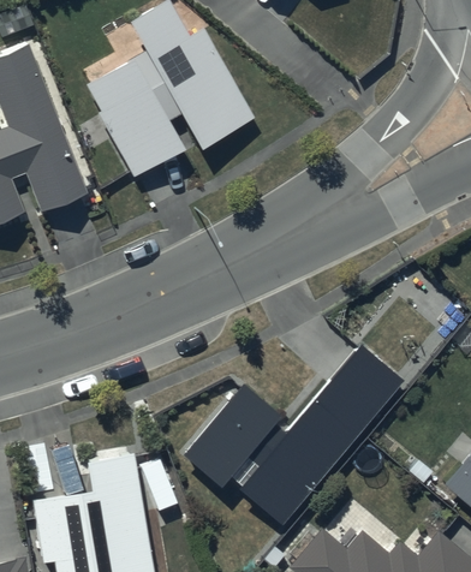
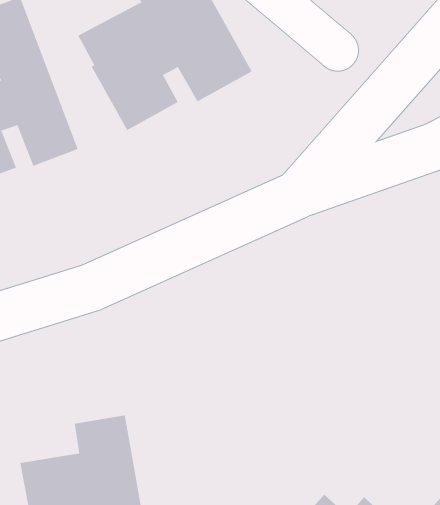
building: [184,344,403,523] -> none

